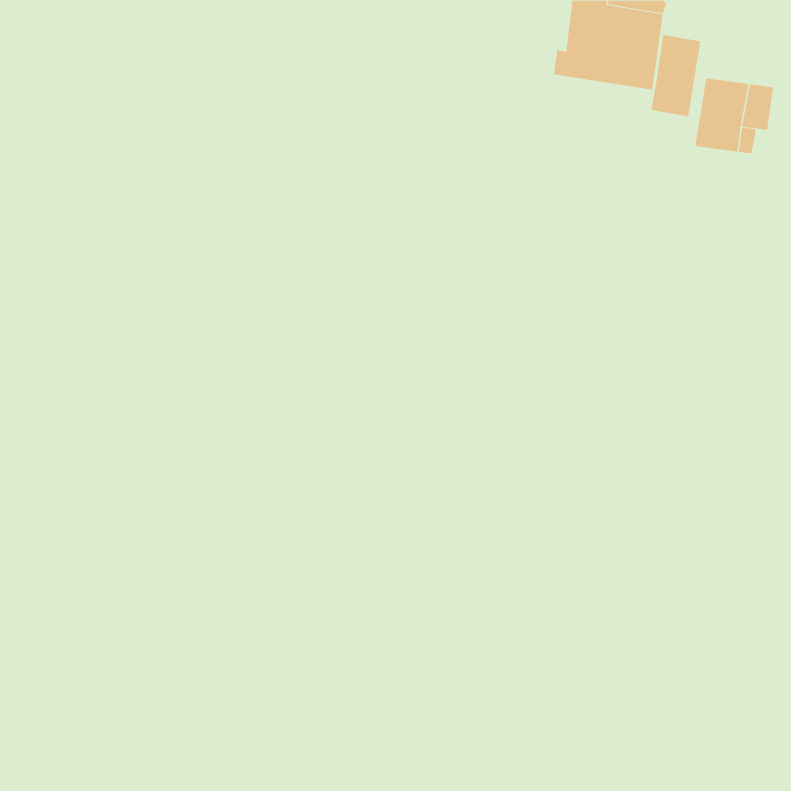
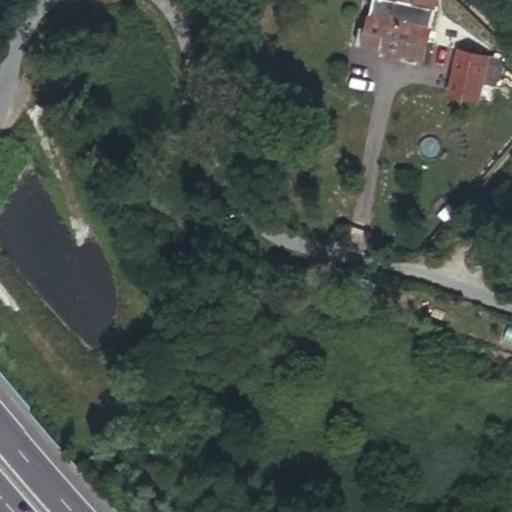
building: [651,34,701,117] -> none

